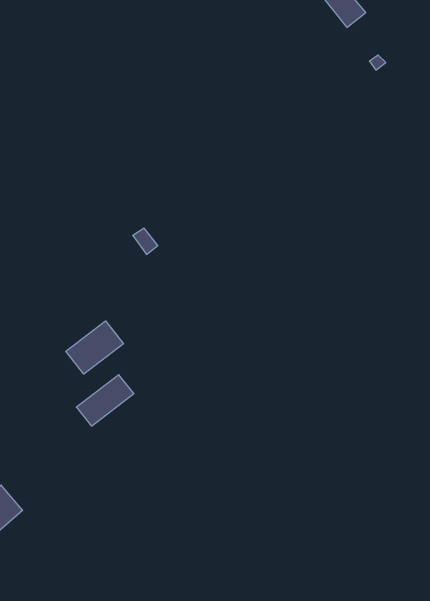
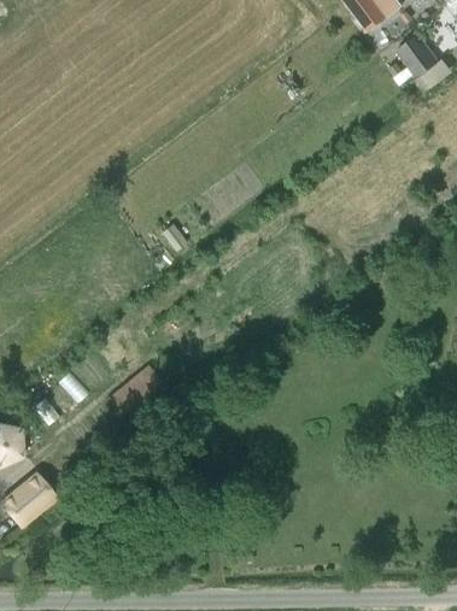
building: none -> [399,29,441,72]
building: [66,321,123,374] -> none

